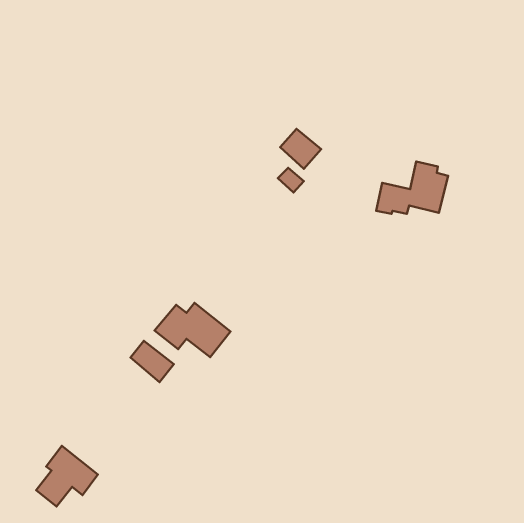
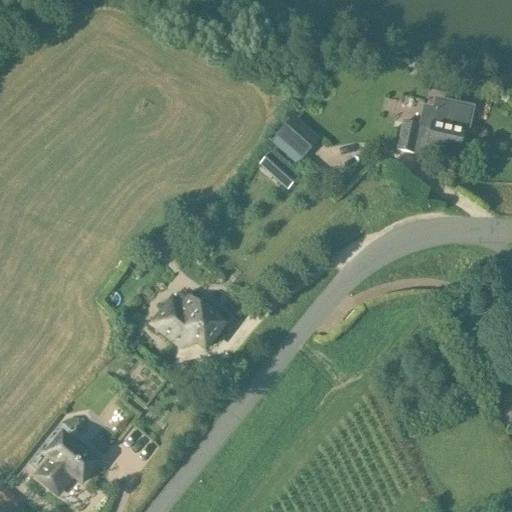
building: [376,161,448,214] -> [395,99,465,150]
building: [130,341,174,382] -> none

